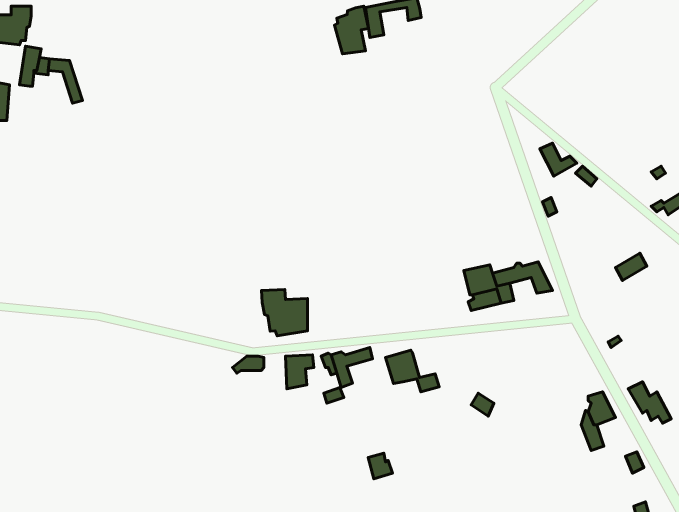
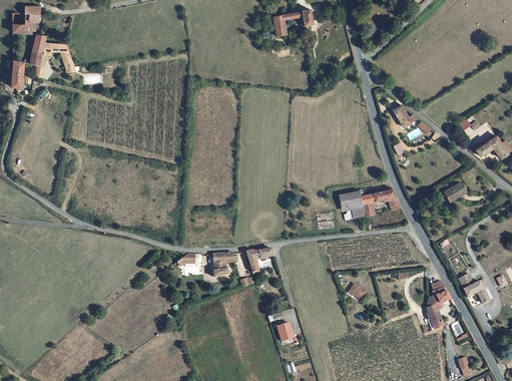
building: [334,6,368,54] -> none
building: [261,289,307,336] -> none
building: [386,350,439,392] -> none

